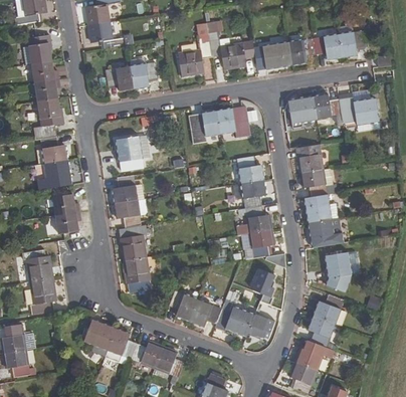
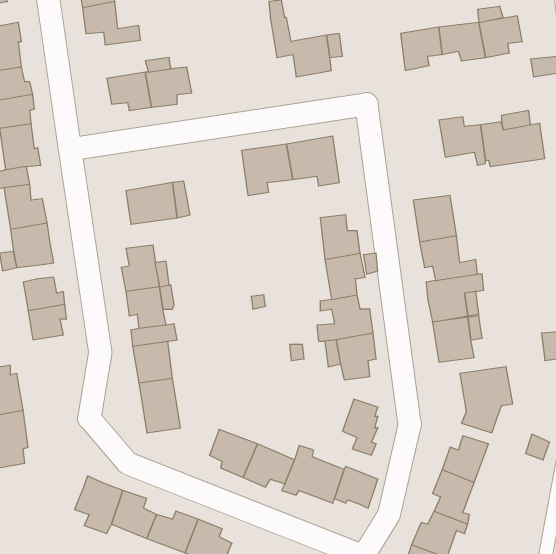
building: [179,33,211,75] -> none
building: [262,42,291,69] -> none
building: [289,96,317,124] -> none

